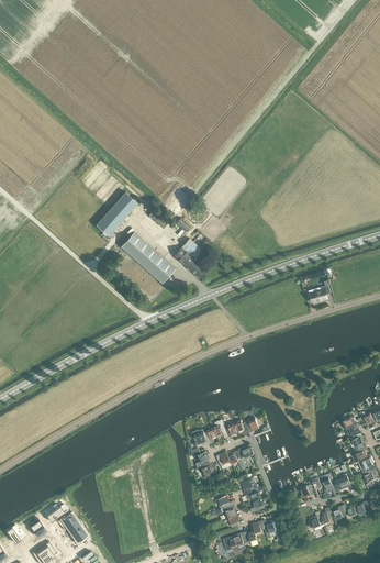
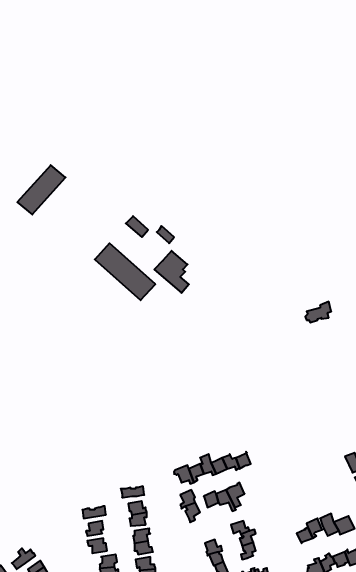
building: [94,191,137,235] -> [17,165,66,215]

